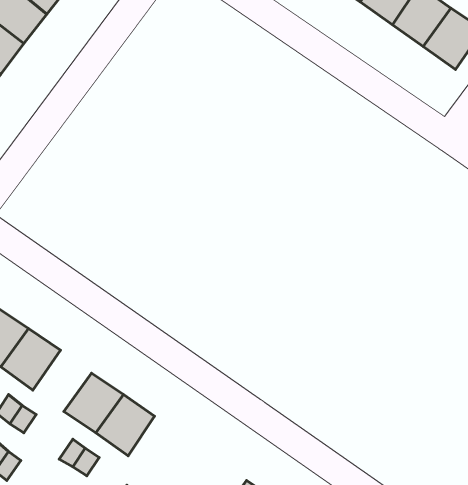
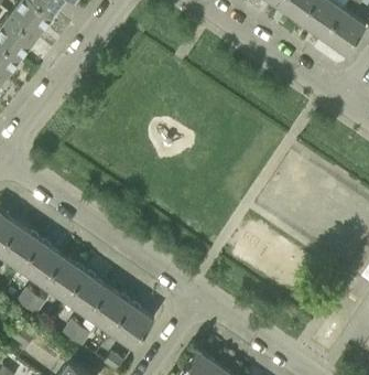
building: none -> [43,256,85,300]
building: none -> [111,303,153,347]

